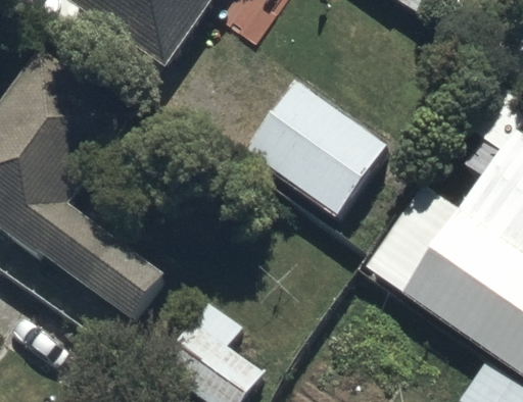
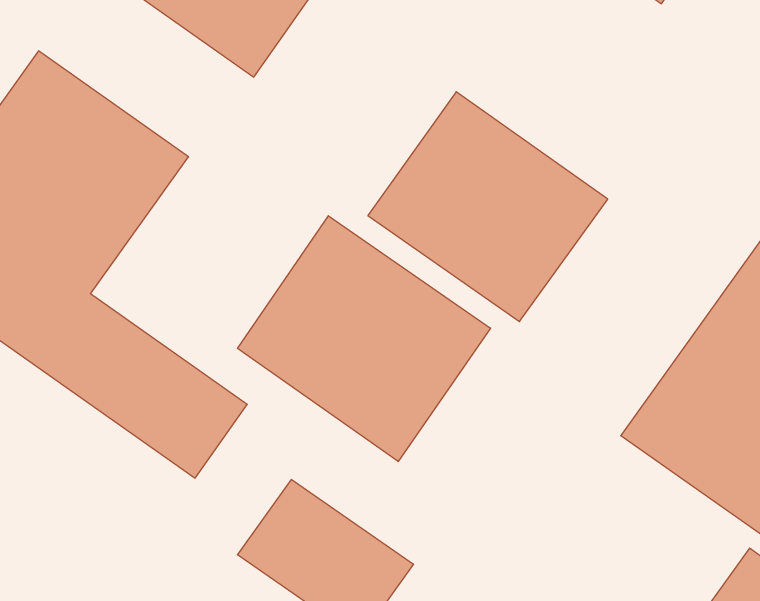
building: none -> [238,216,491,462]

